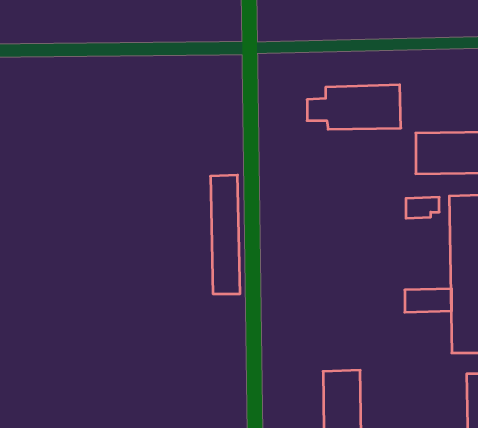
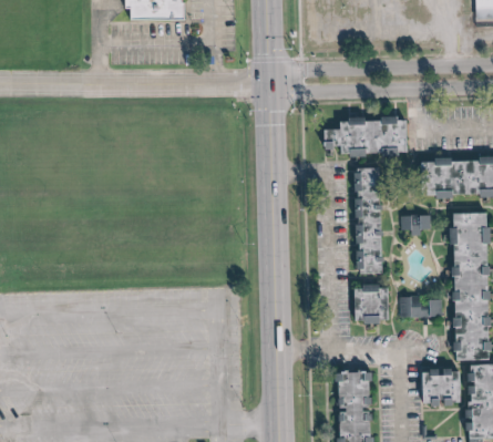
building: [210,175,240,294] -> [353,168,380,275]
building: none -> [352,289,386,323]
building: none -> [417,373,461,403]

